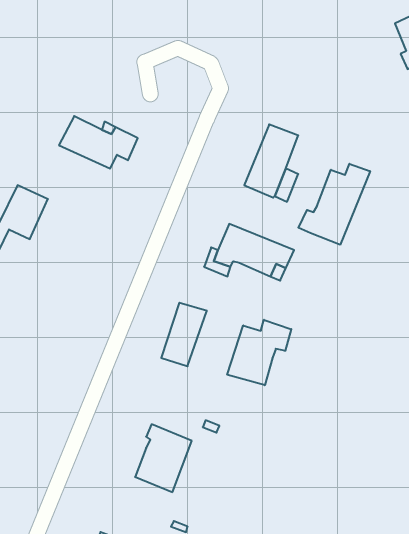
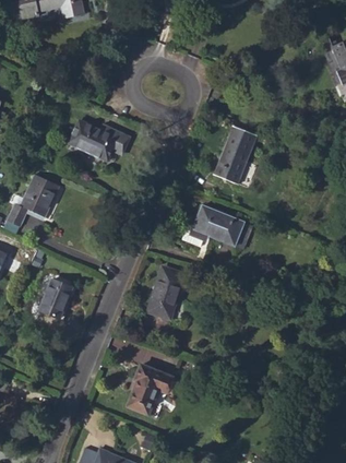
building: [298,164,370,245] -> none
building: none -> [39,278,73,319]
building: [227,320,291,385] -> none

